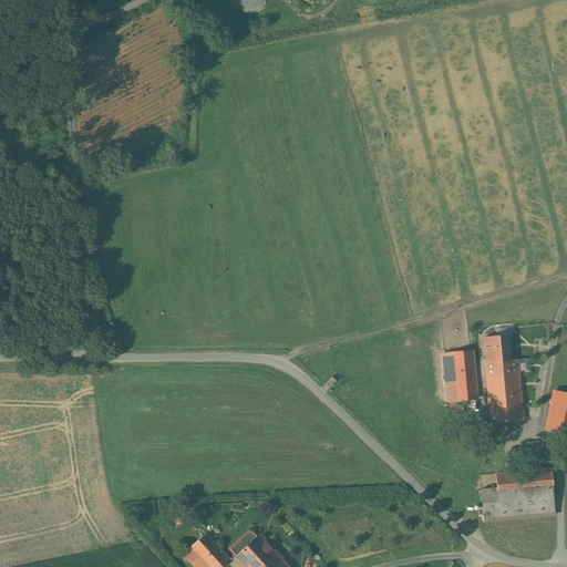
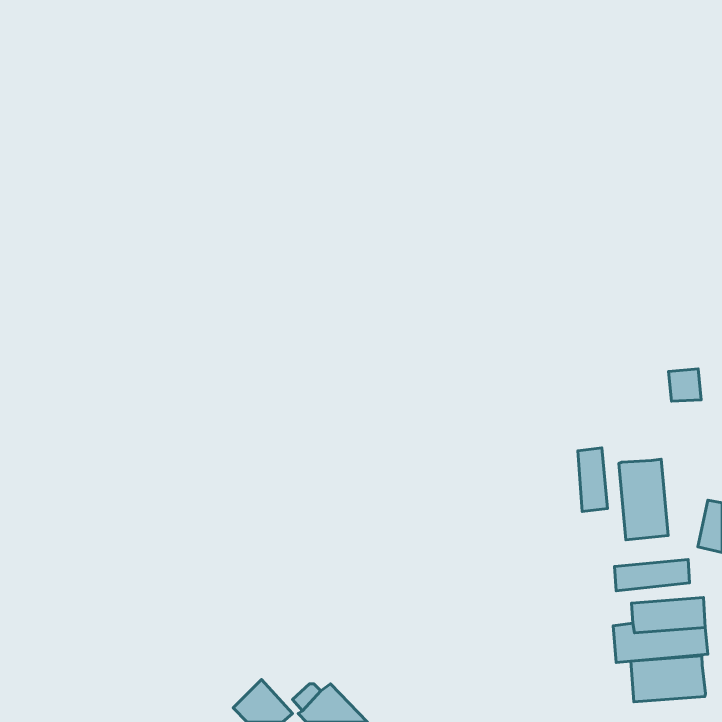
building: [485,337,511,362] -> [669,369,701,401]
building: none -> [615,560,690,591]
building: none -> [631,656,706,702]

